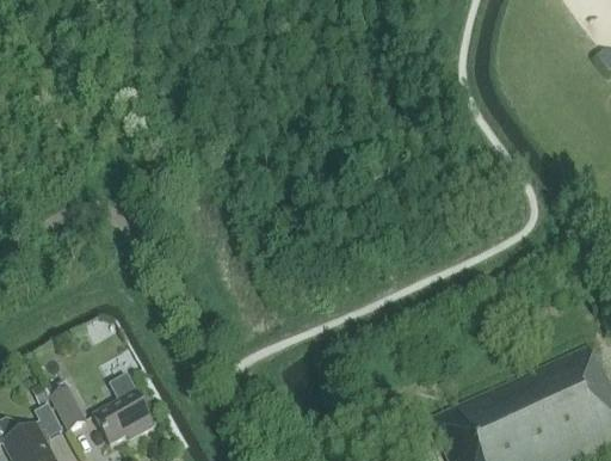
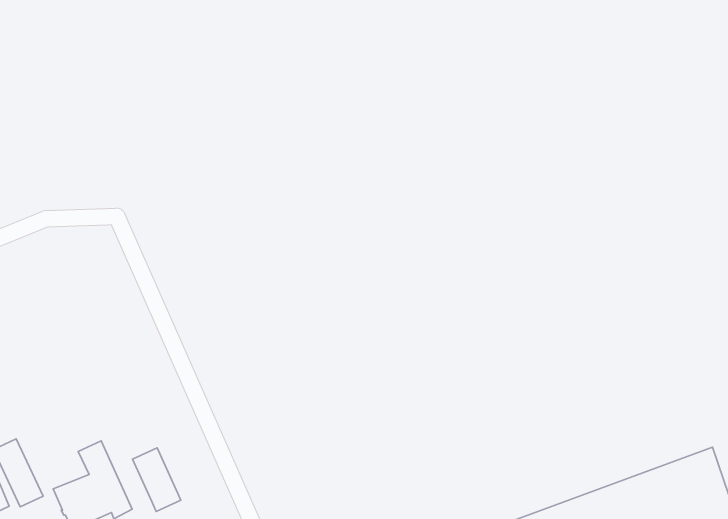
building: none -> [132,448,181,511]

